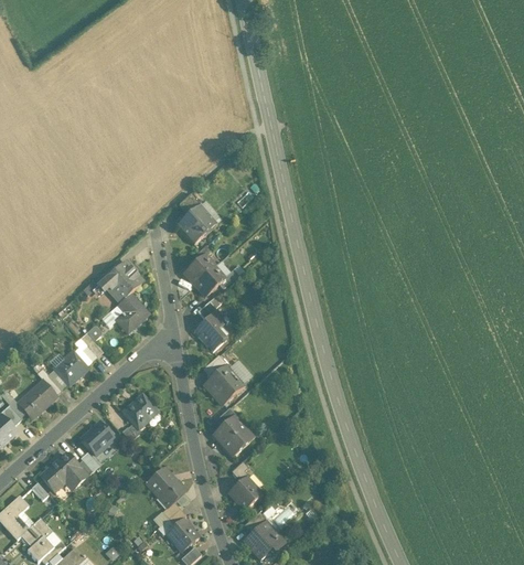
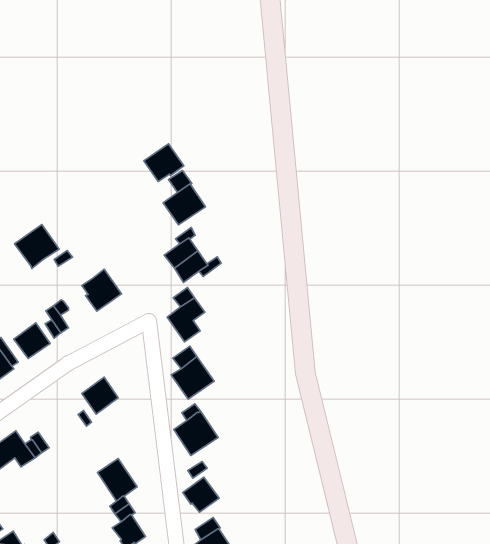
building: none -> [144,144,184,181]
building: [100,262,142,303] -> [15,224,59,268]
building: [81,424,111,455] -> none

